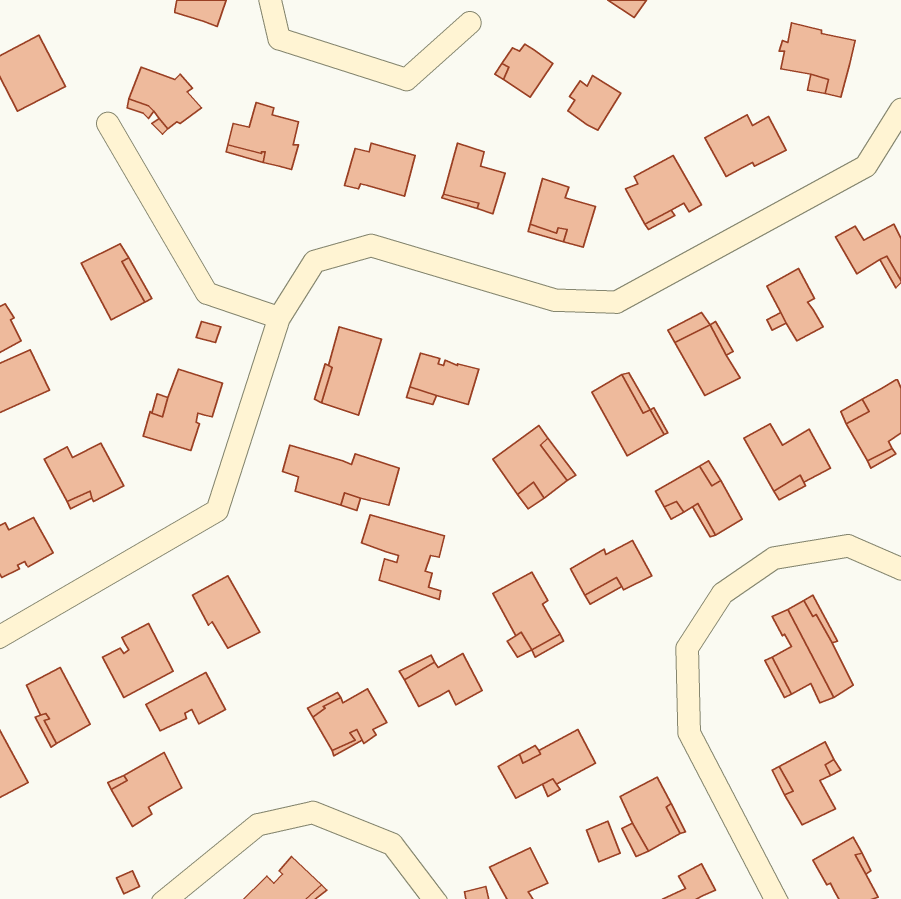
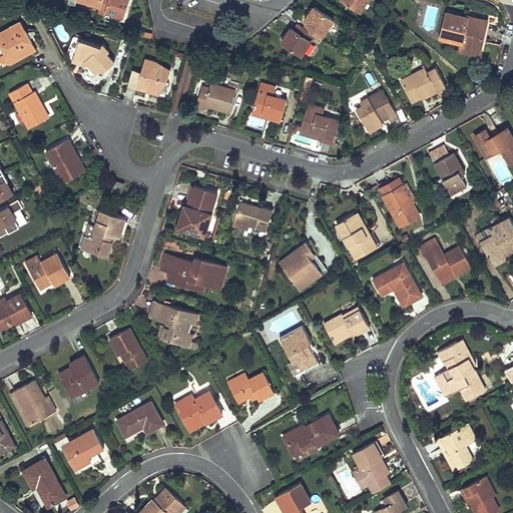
building: [568,75,621,130] -> [303,10,333,41]
building: none -> [10,84,48,129]
building: [361,515,444,599] -> [151,303,198,351]
building: [146,673,225,731] -> [117,403,162,436]
building: none -> [23,460,65,508]

